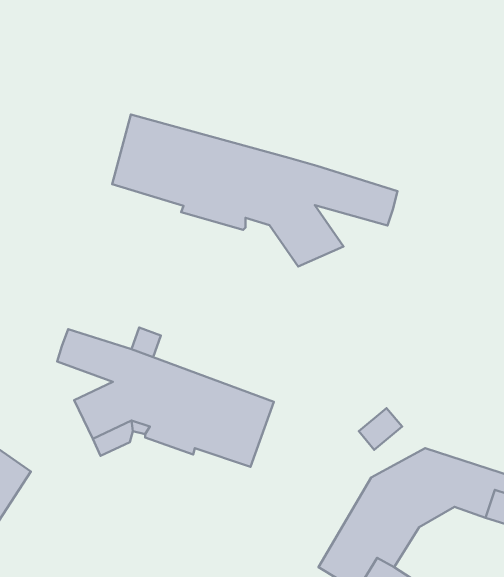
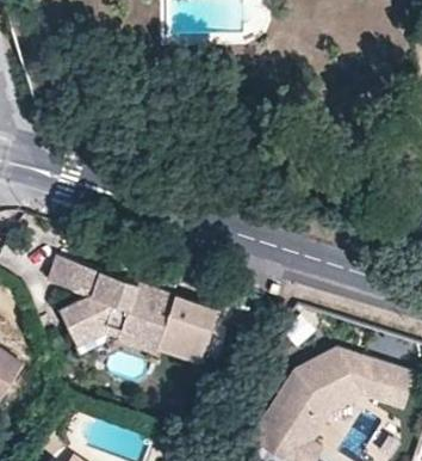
building: [112,115,398,266] -> none

